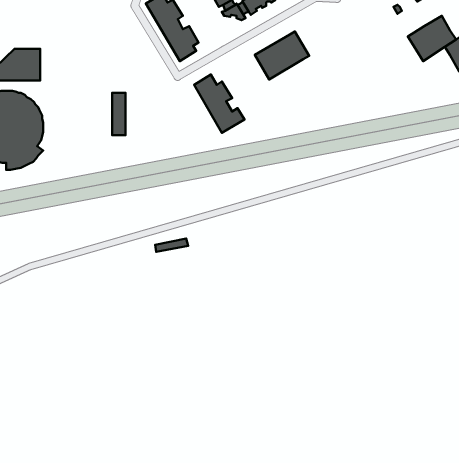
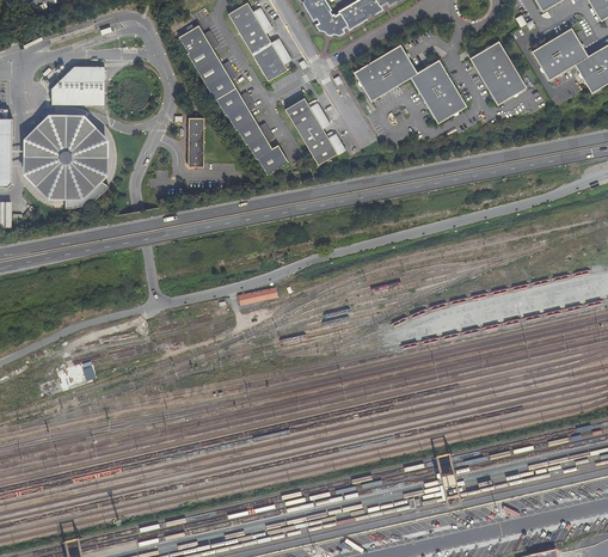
building: none -> [177,23,287,172]
building: none -> [469,42,527,105]
building: none -> [410,61,466,124]

